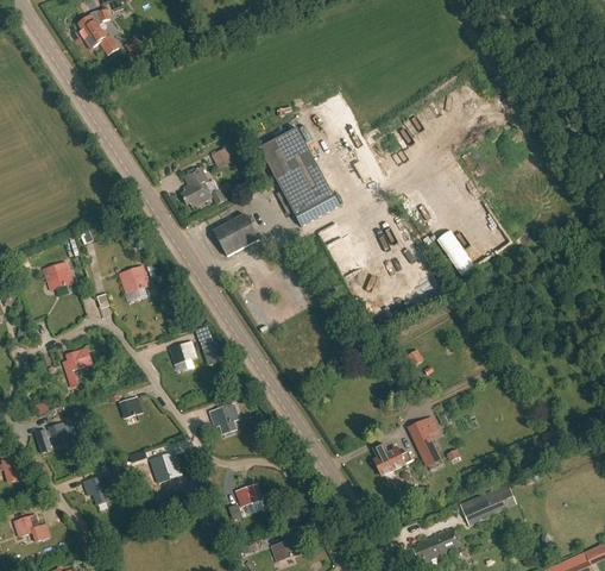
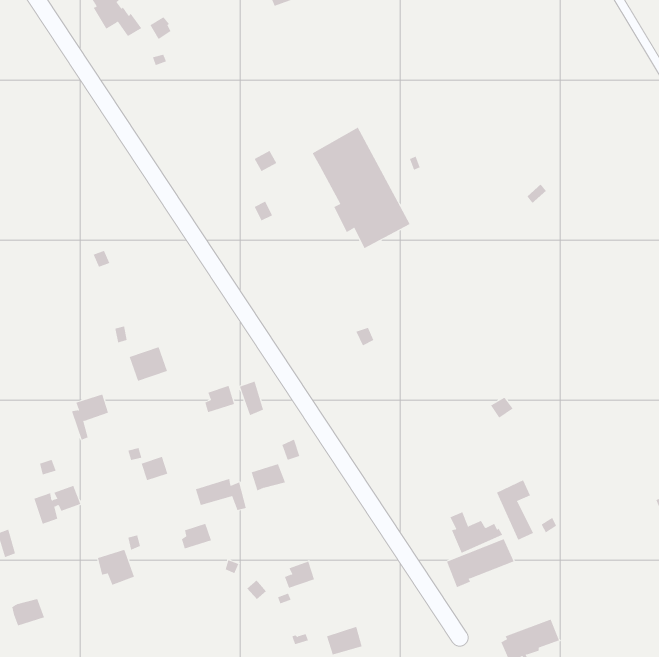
building: [181,168,210,207] -> none
building: [214,213,259,256] -> none
building: [44,262,74,289] -> none
building: [119,264,151,293] -> [129,347,168,381]
building: none -> [195,478,246,511]
building: [461,484,517,525] -> [446,538,514,588]

